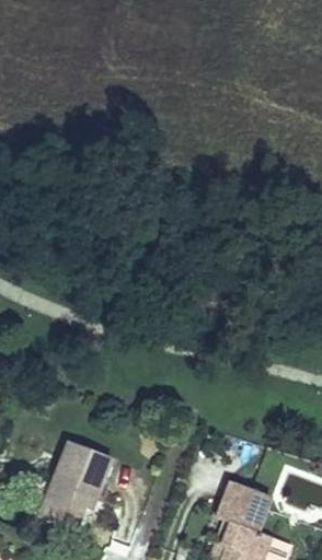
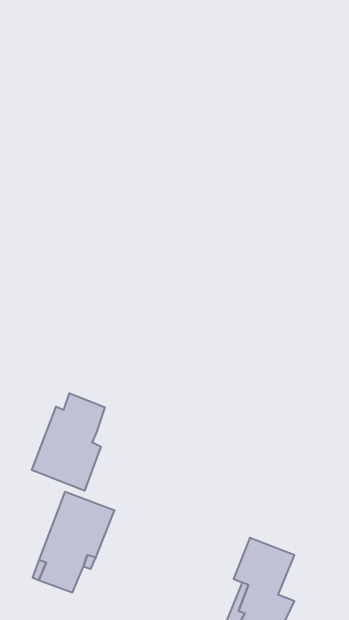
building: none -> [32,393,105,491]

